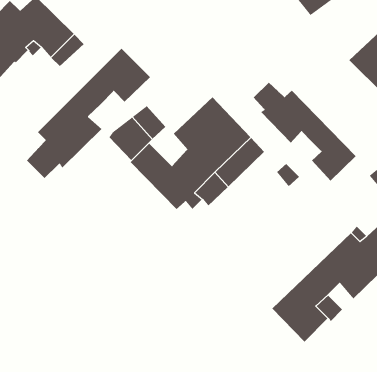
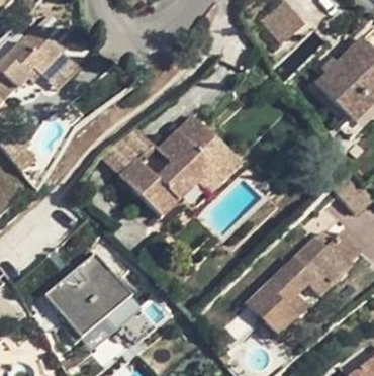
building: [26,48,151,179] -> none
building: [253,82,356,181] -> none
building: none -> [46,254,138,344]

